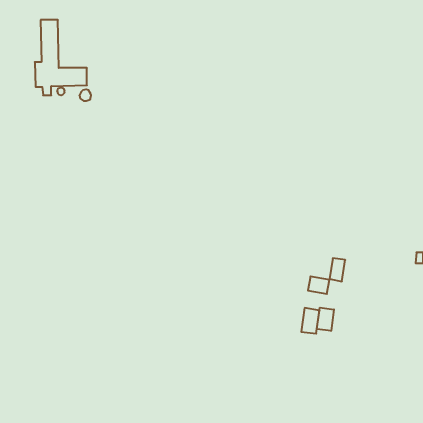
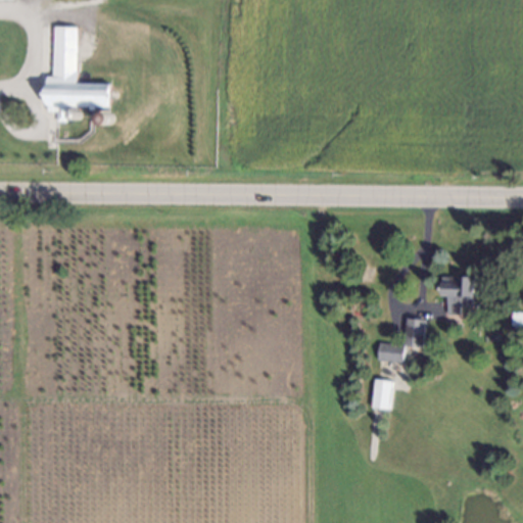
building: none -> [444,275,476,313]
building: [317,308,334,331] -> none

